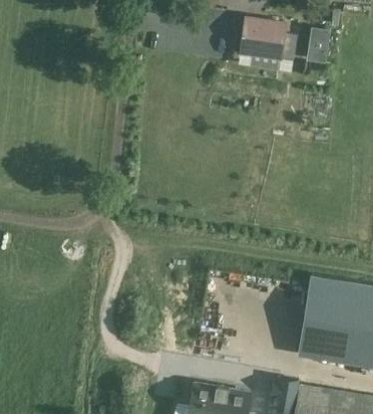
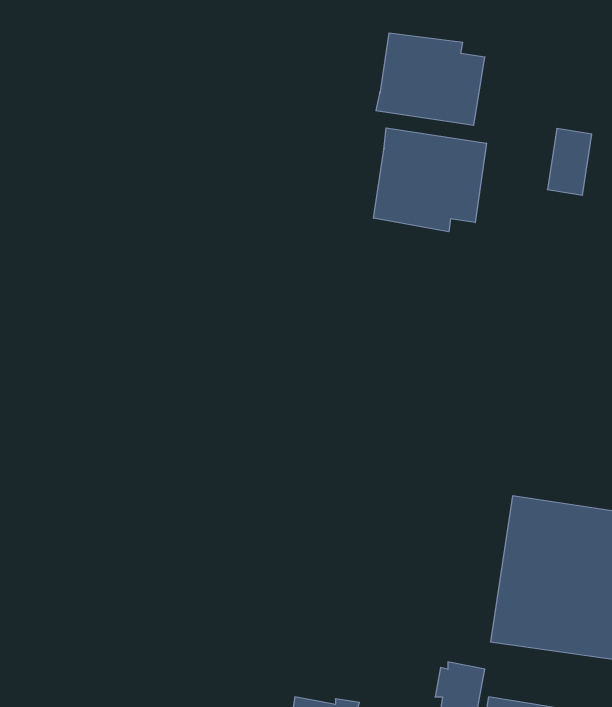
building: [305,27,329,63] -> [547,129,592,195]
building: none -> [374,128,486,232]

